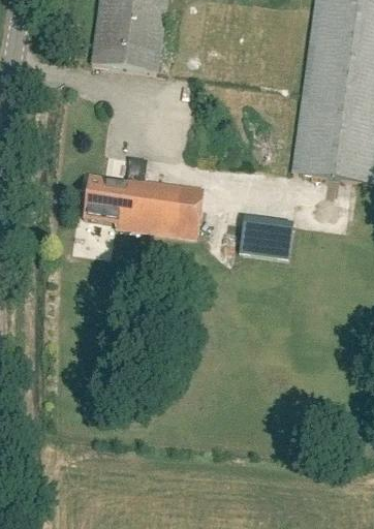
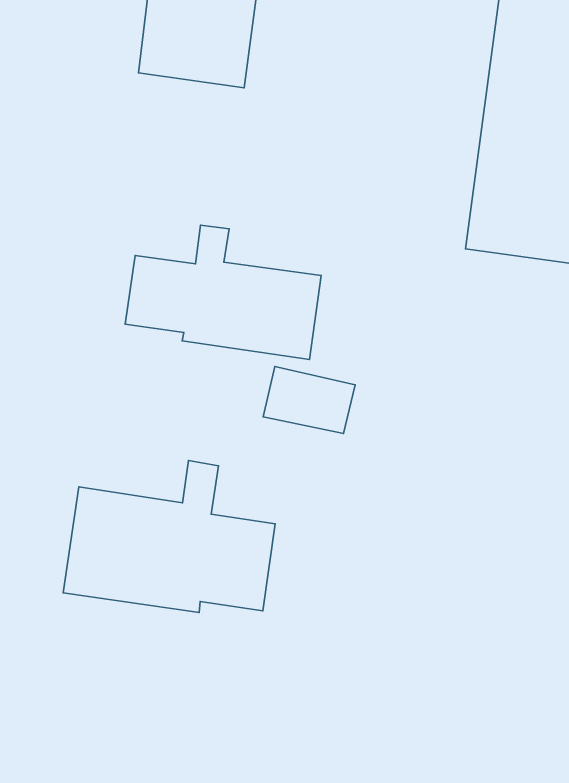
building: [244,218,301,259] -> [263,366,355,433]
building: none -> [63,460,275,612]

